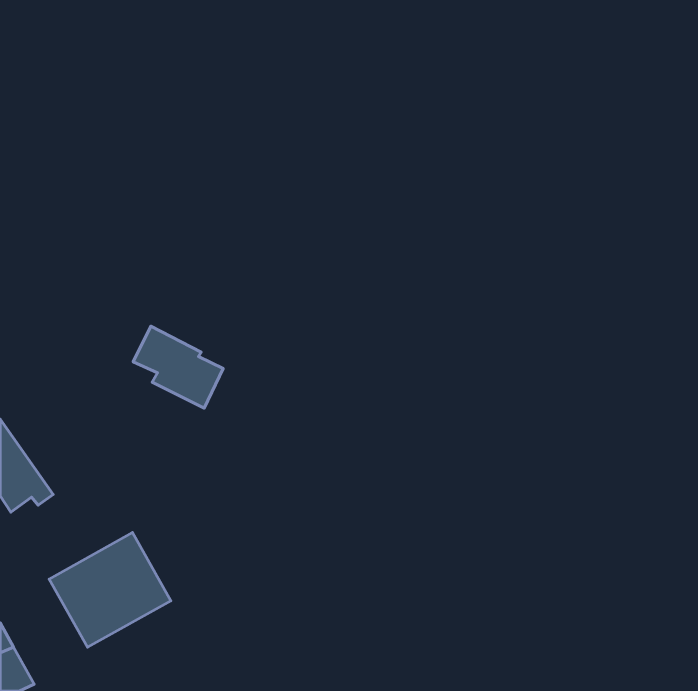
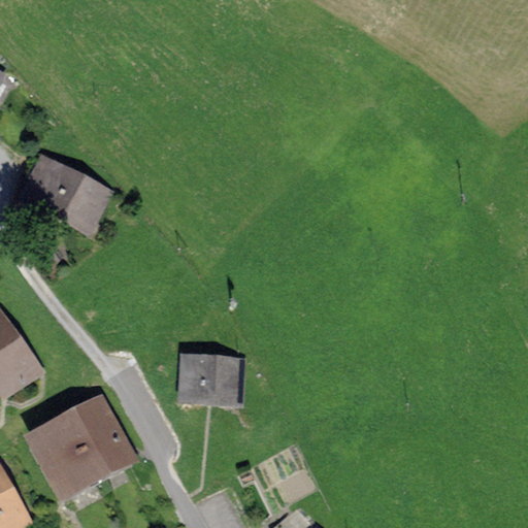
building: [133,326,223,408] -> [32,159,100,221]
building: none -> [185,356,237,397]

